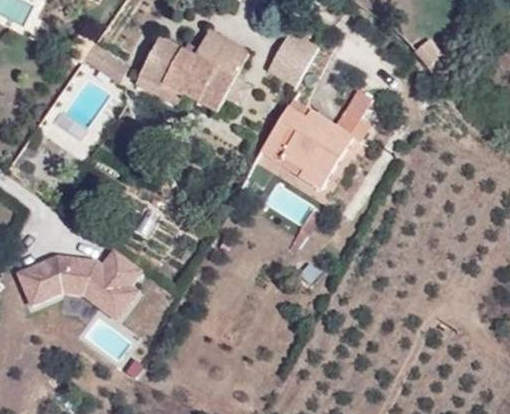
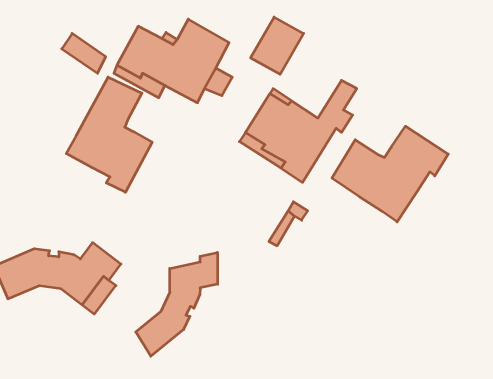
building: none -> [66,77,152,192]
building: none -> [332,126,448,222]
building: none -> [136,252,218,356]

